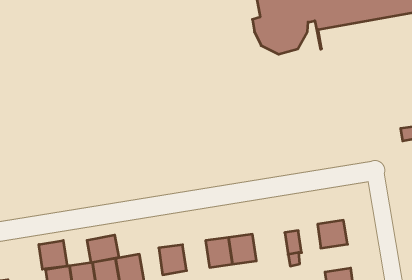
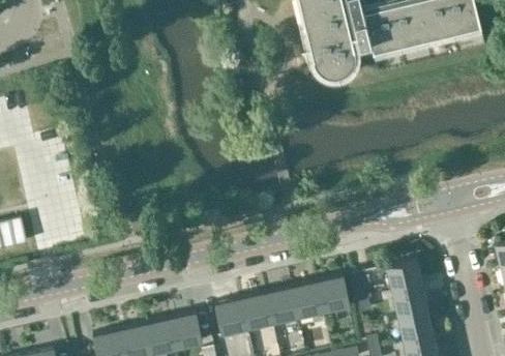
building: none -> [317,276,349,312]
building: [87,235,119,263] -> none
building: [39,240,67,269] -> none
building: none -> [241,293,272,327]
building: none -> [392,287,426,319]

